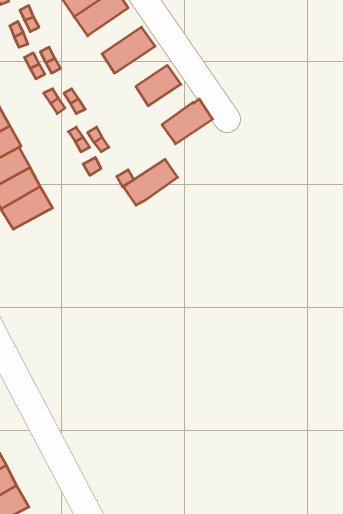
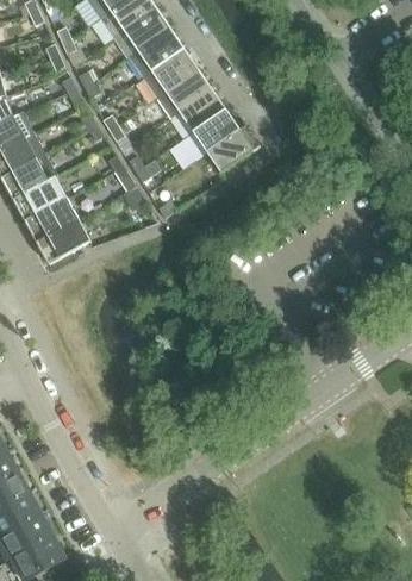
building: none -> [127,26,183,75]
building: none -> [155,67,211,115]
building: [124,159,178,205] -> [181,107,238,156]

